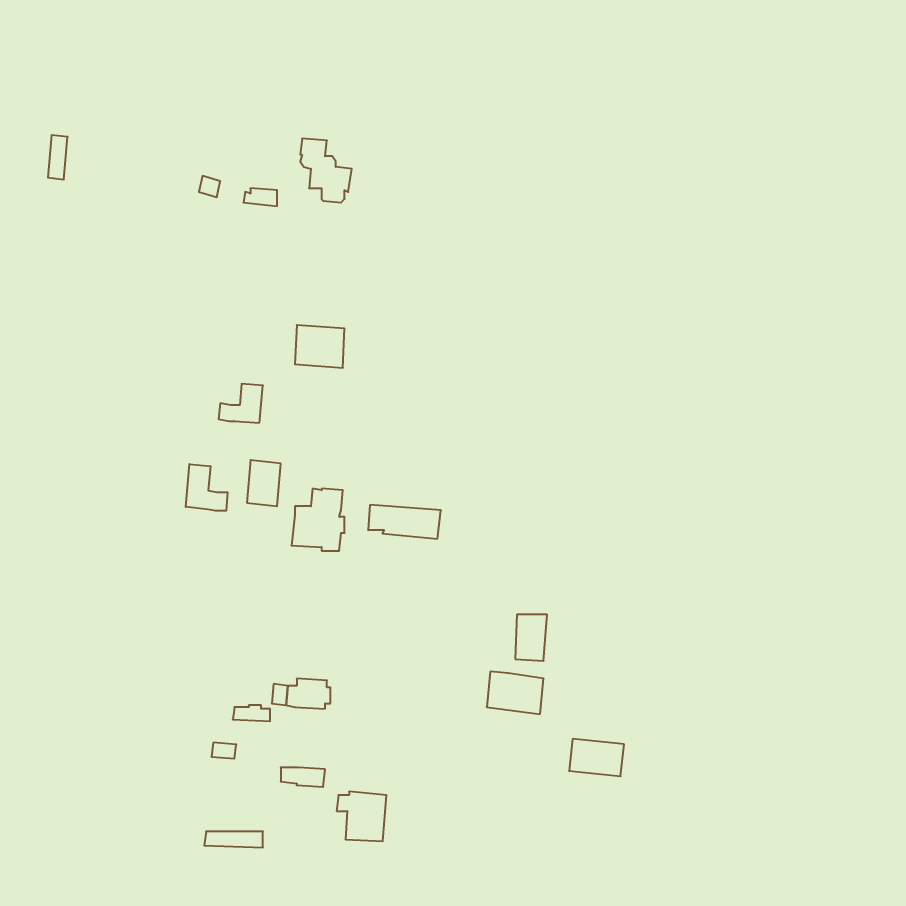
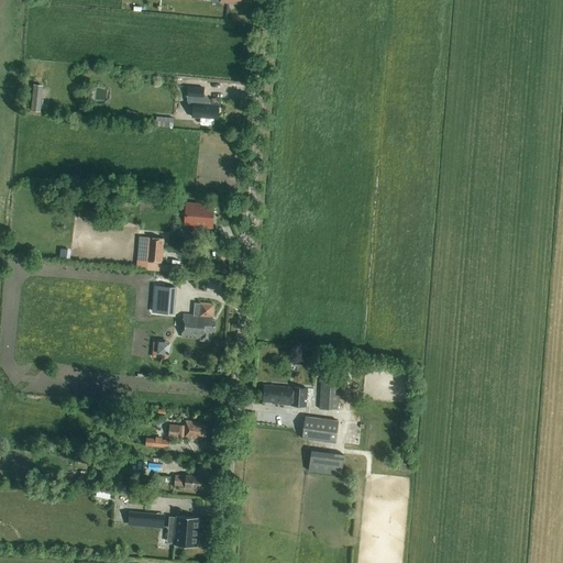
building: [186,464,228,511] -> none
building: [368,505,441,539] -> [262,385,307,406]
building: [569,739,624,776] -> [308,451,342,474]
building: [337,792,386,841] -> [167,515,198,545]

